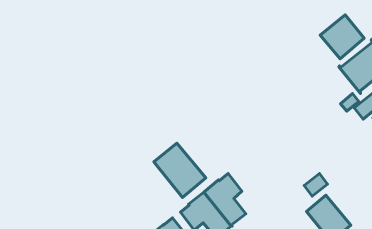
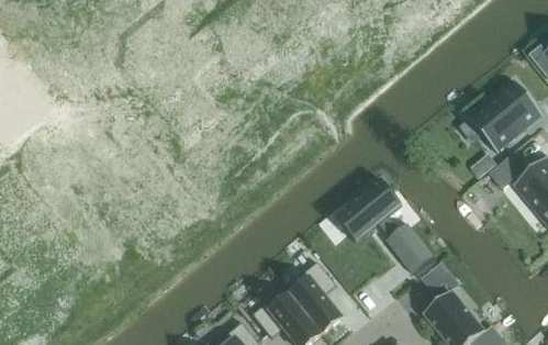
building: [320,15,364,59] -> none
building: none -> [334,179,434,272]
building: [154,143,206,197] -> none

